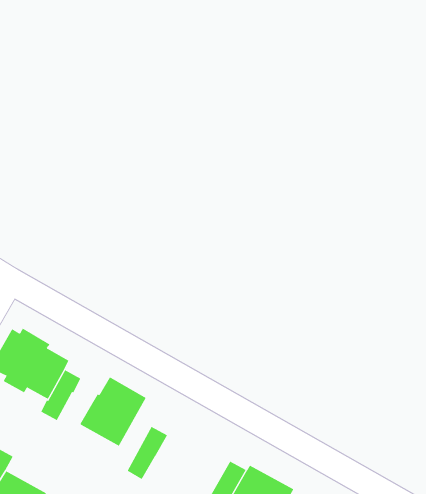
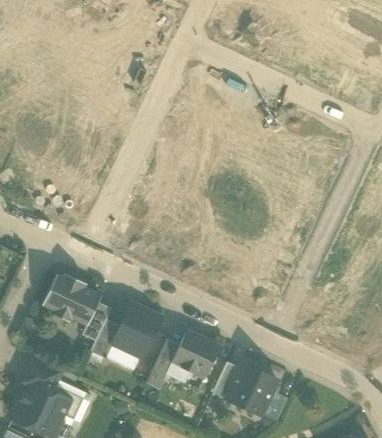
building: none -> [90,320,120,360]
building: none -> [171,332,219,379]

